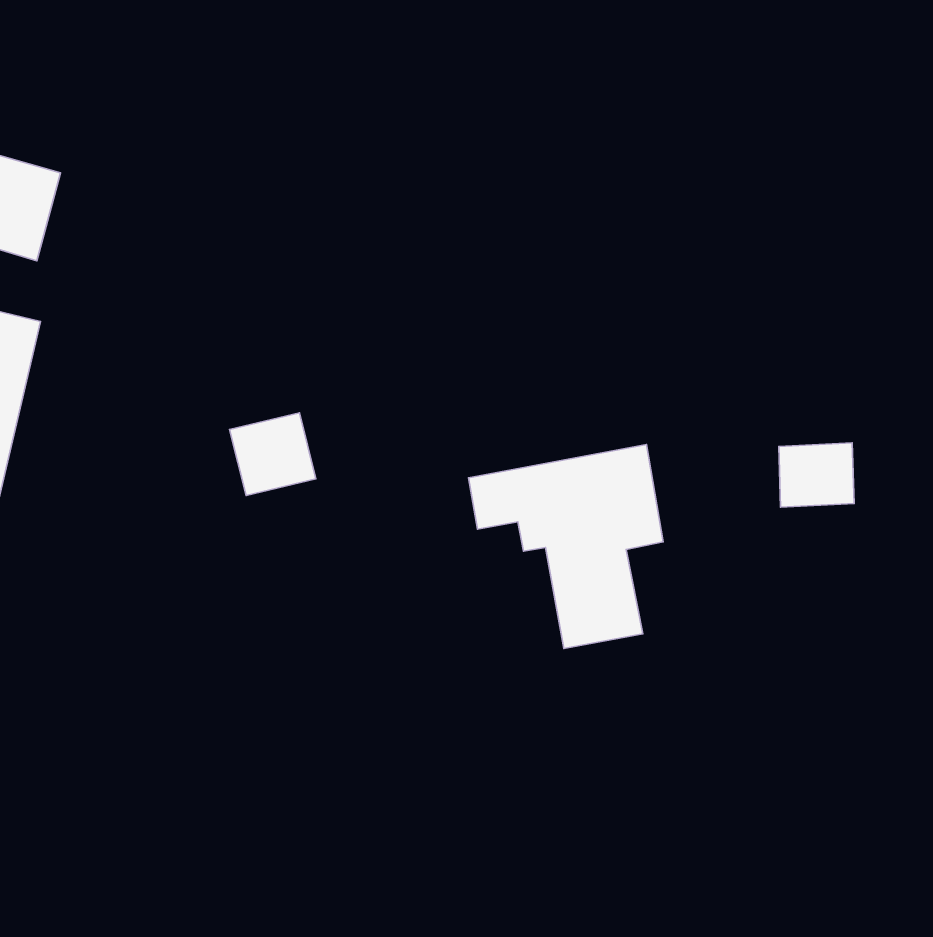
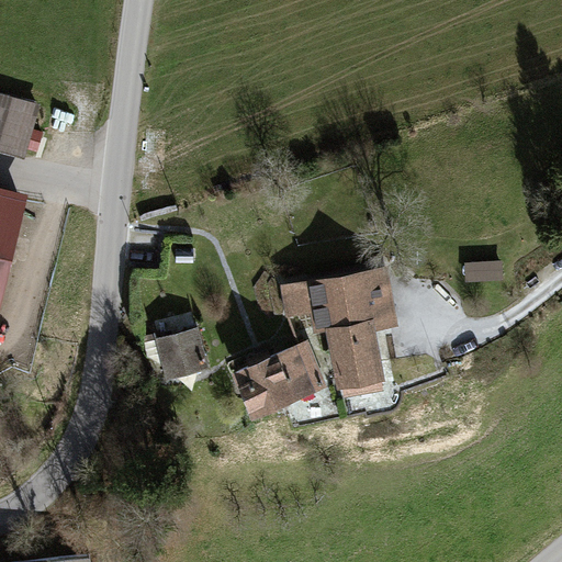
building: [230,413,316,496] -> [156,327,207,376]
building: none -> [233,341,325,418]

